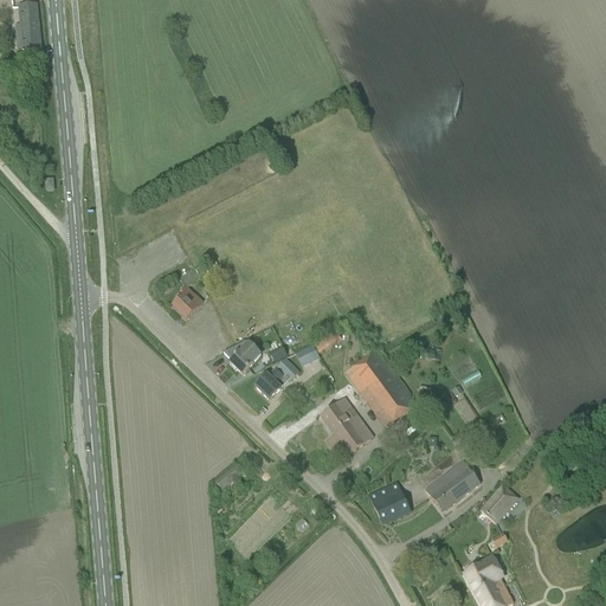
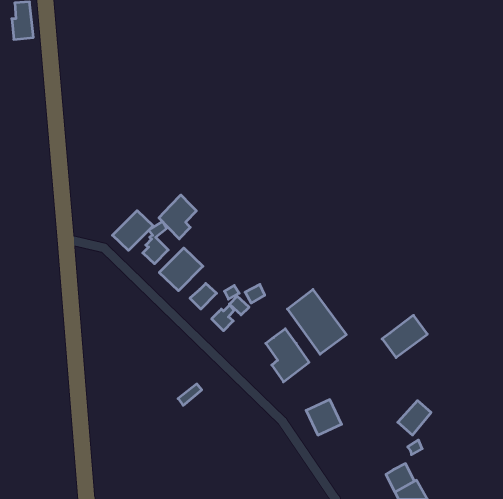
building: none -> [159,195,196,239]
building: none -> [112,211,153,250]
building: none -> [159,248,203,291]
building: [425,459,479,510] -> [382,315,427,358]

